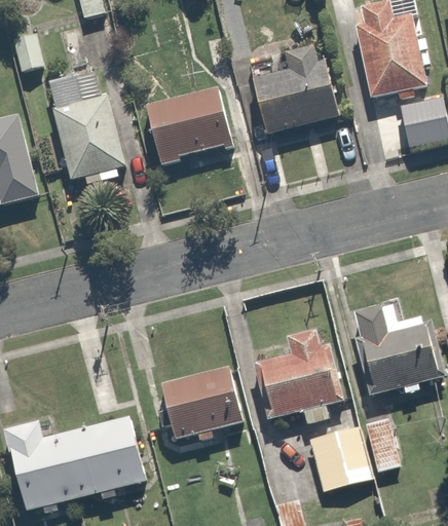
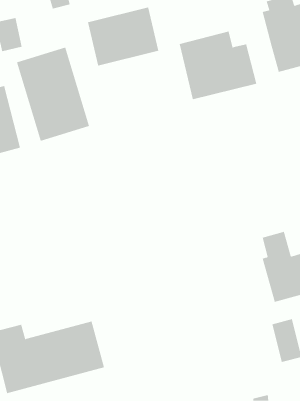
building: [144,85,236,161] -> [87,7,159,66]
building: [254,326,348,421] -> none
building: [159,364,249,446] -> none
building: [308,423,375,492] -> none

